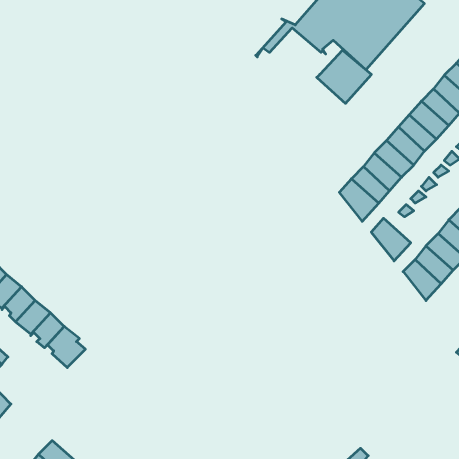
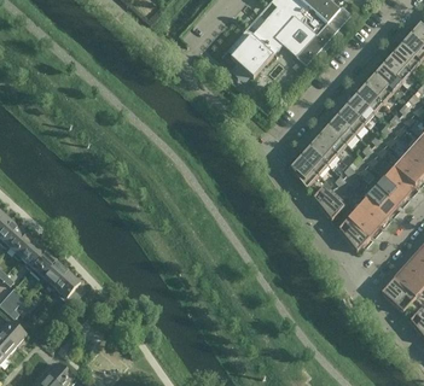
building: [317,50,371,103] -> [230,34,273,76]

